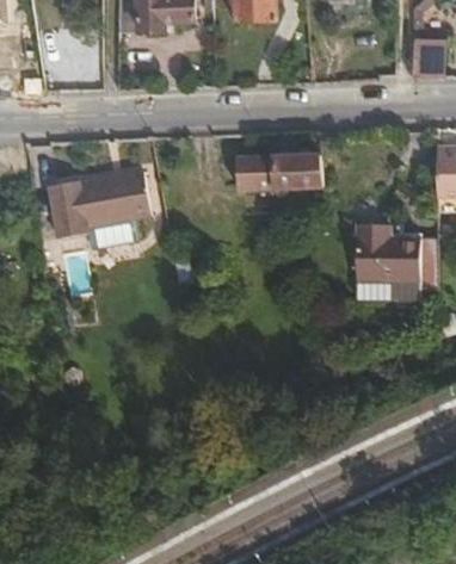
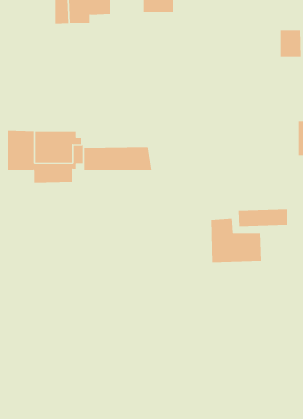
building: [235,155,325,186] -> [84,147,152,171]
building: [356,218,423,277] -> [211,218,262,263]

